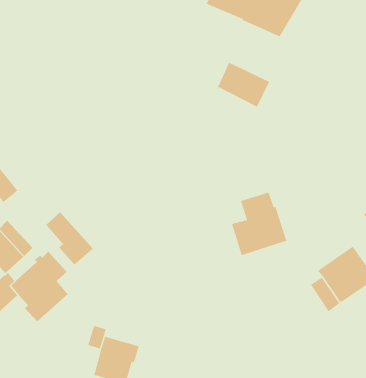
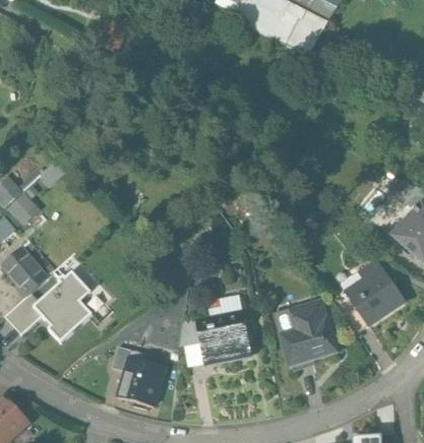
building: [218,62,270,107] -> none
building: [231,192,287,256] -> [281,301,338,366]
building: [46,211,94,265] -> none
building: none -> [196,311,252,362]

